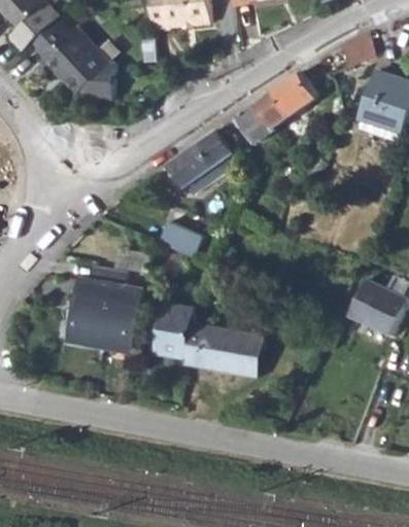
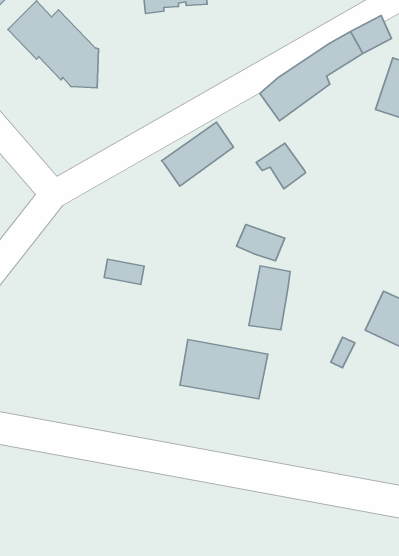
building: [230,102,274,143] -> [256,143,306,189]
building: [159,225,202,258] -> [237,224,285,261]
building: [70,267,145,353] -> none
building: [156,303,193,360] -> [249,266,290,330]

